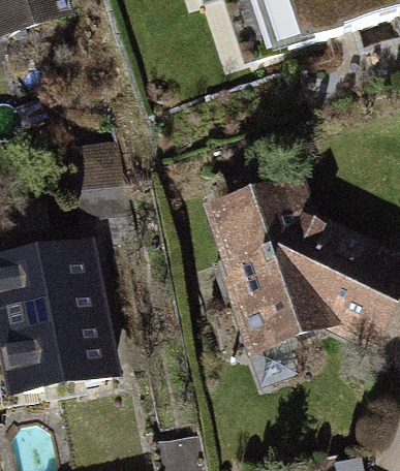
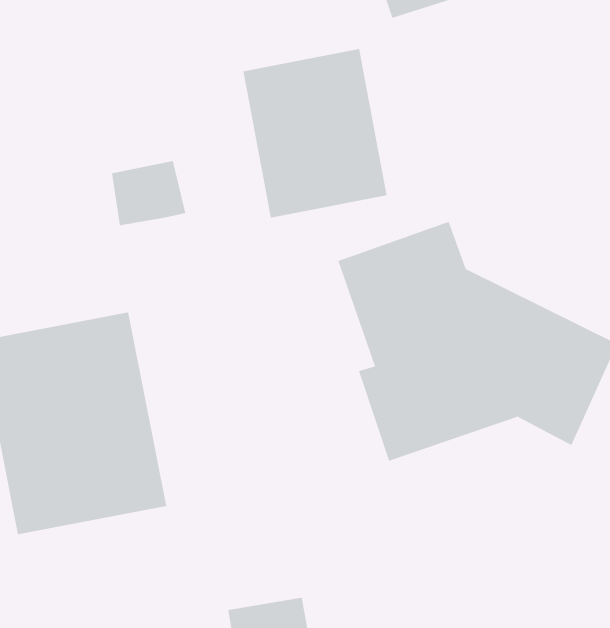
building: none -> [243,48,387,218]

